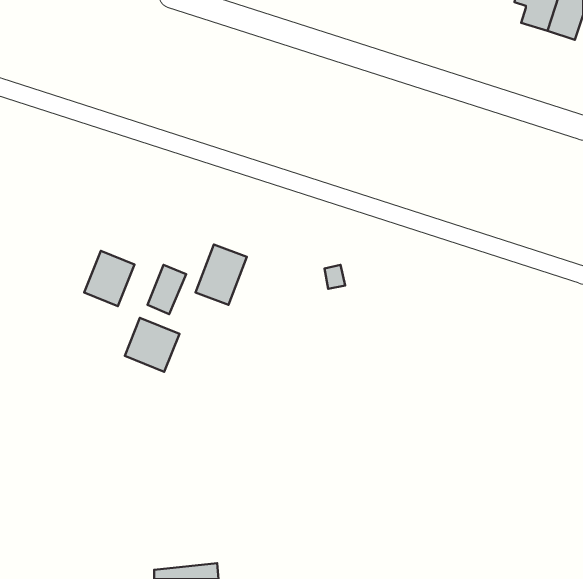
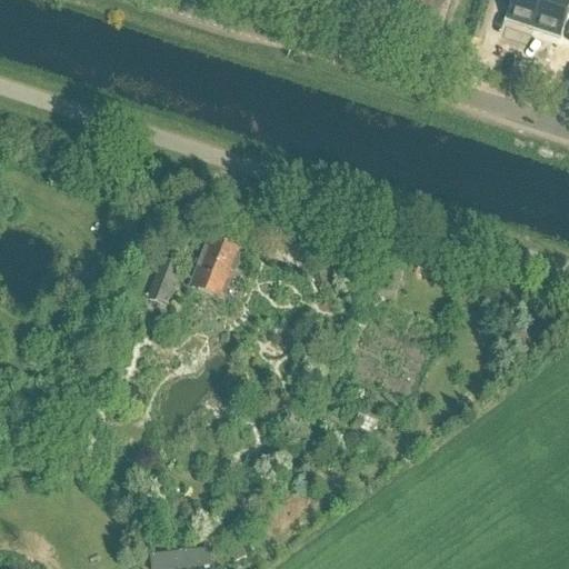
building: [84,251,135,306] -> none
building: [125,318,179,372] -> none

